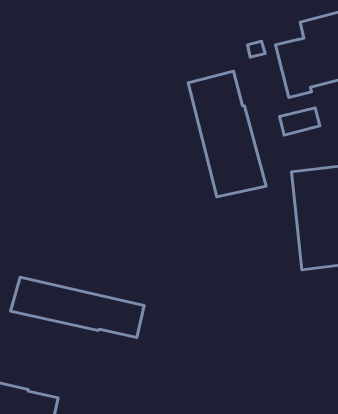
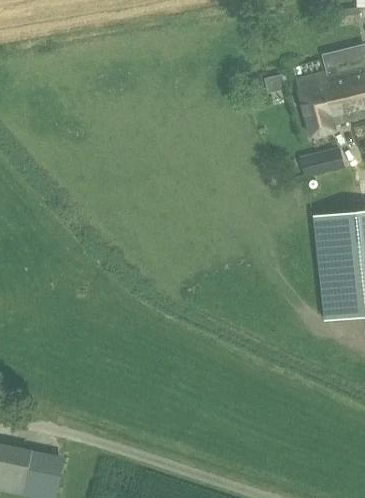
building: [188,71,266,197] -> none
building: [10,277,144,338] -> none

